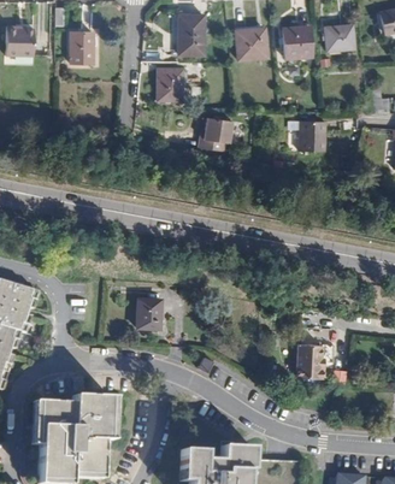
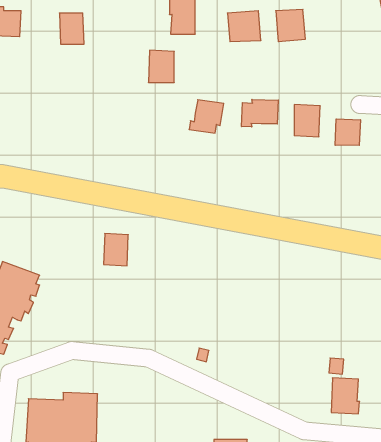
building: [322,24,353,52] -> none
building: none -> [242,99,278,127]
building: none -> [335,119,360,145]
building: [140,297,164,329] -> [104,234,128,266]
building: [296,343,324,378] -> [331,378,360,414]

